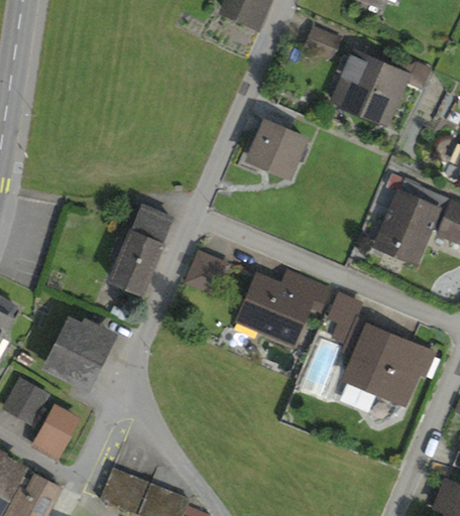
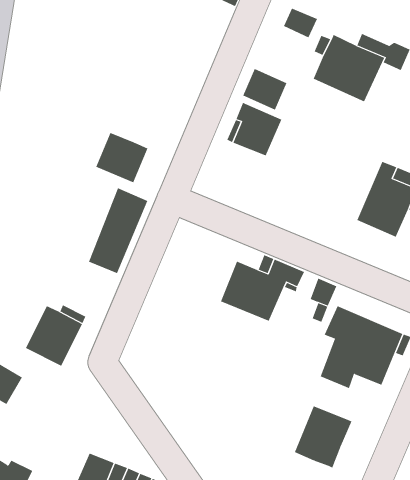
building: none -> [242,68,287,110]
building: none -> [96,132,148,183]
building: [188,254,227,293] -> none
building: [34,406,75,458] -> none
building: none -> [294,405,352,468]

